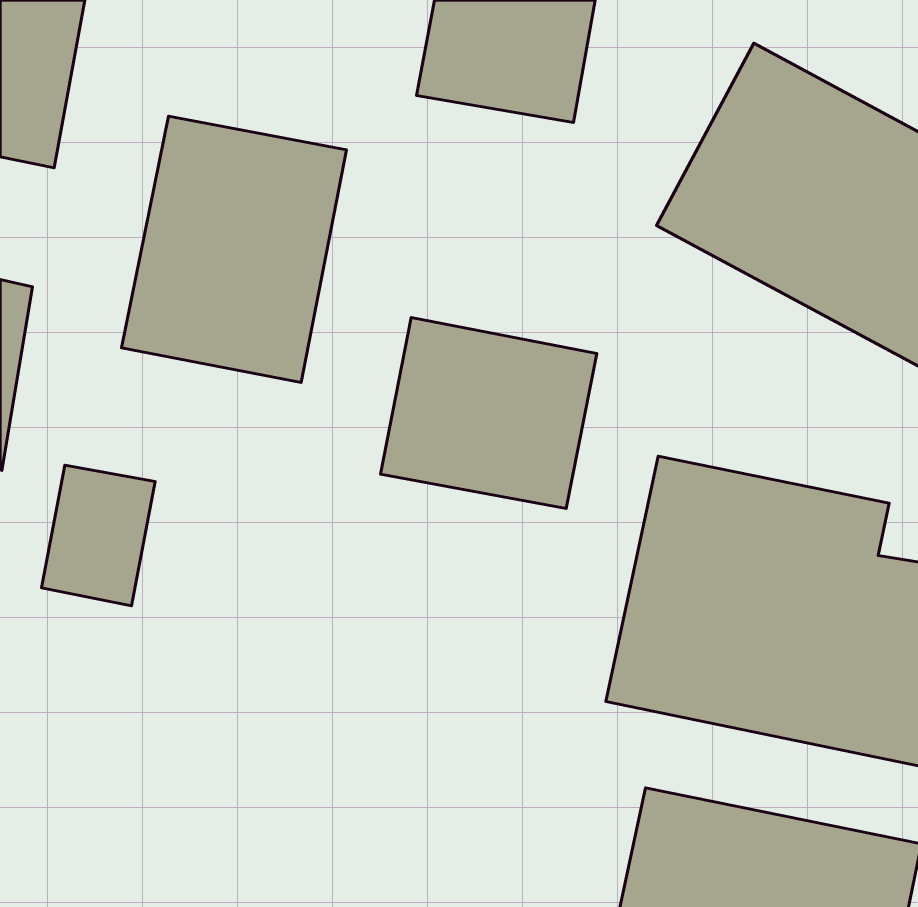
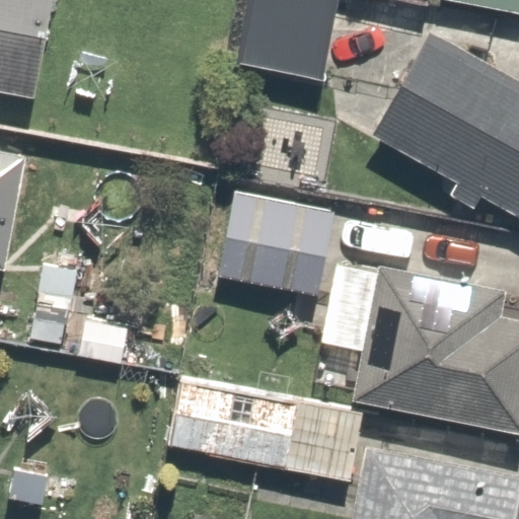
building: [121,116,346,382] -> none
building: none -> [165,375,361,479]

